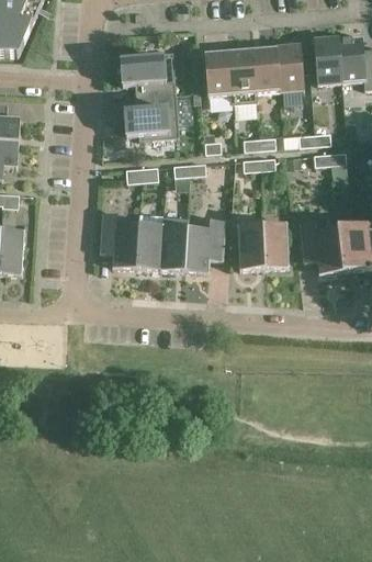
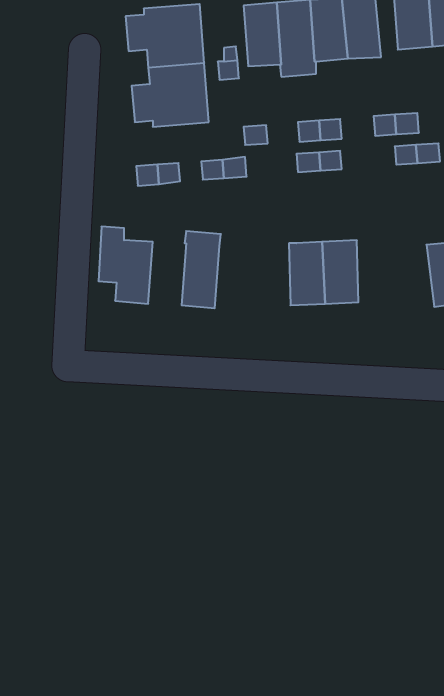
building: [183,220,225,273] -> none
building: [298,221,342,274] -> none
building: [135,224,162,270] -> none

